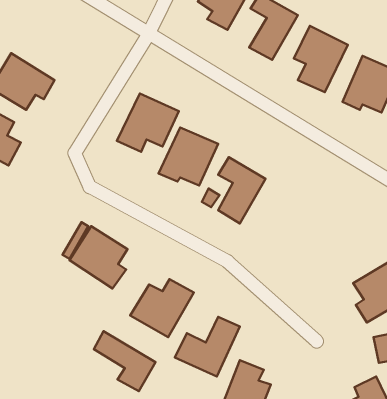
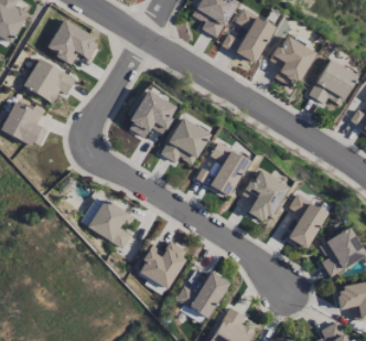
building: none -> [46,19,100,64]
building: none -> [243,168,288,222]
building: none -> [288,194,327,248]
building: [94,331,156,391] -> none

